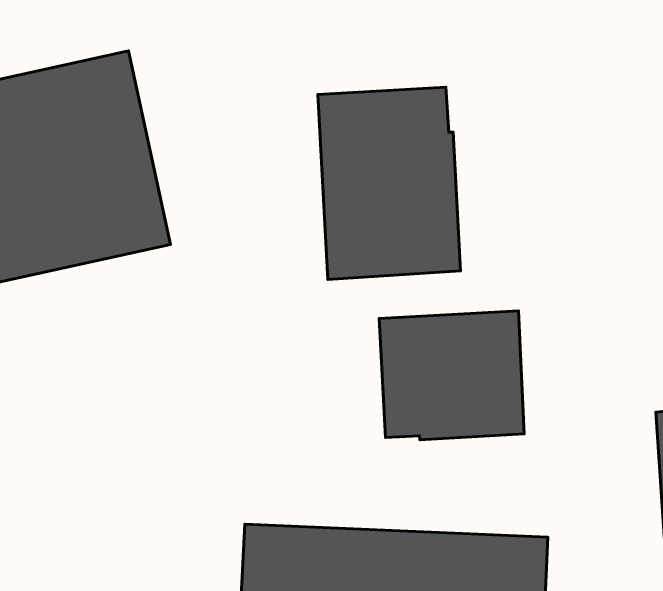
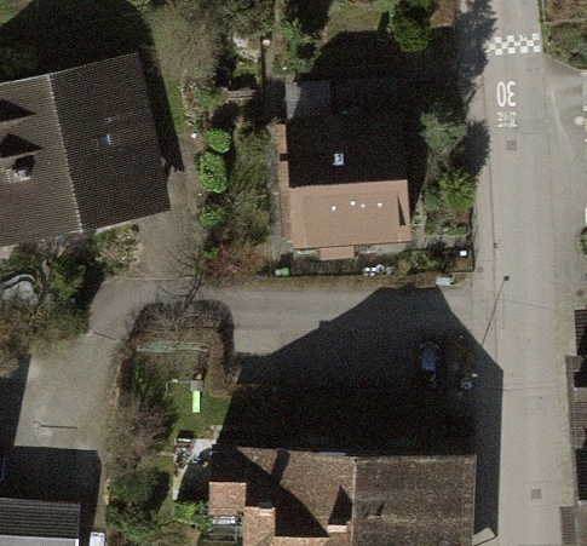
building: [379,311,524,440] -> none

